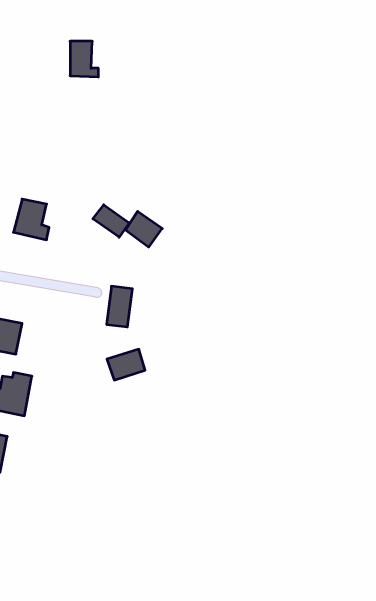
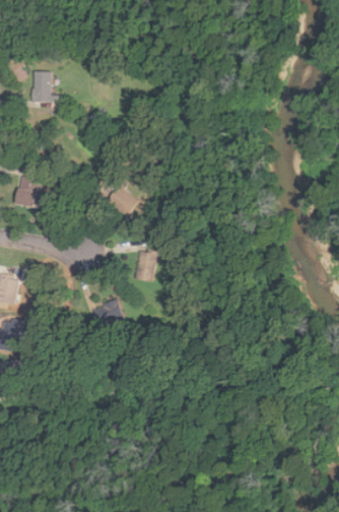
building: [70,41,98,77] -> [32,73,56,103]
building: [93,205,129,237] -> none
building: [107,286,132,327] -> [135,248,156,281]

